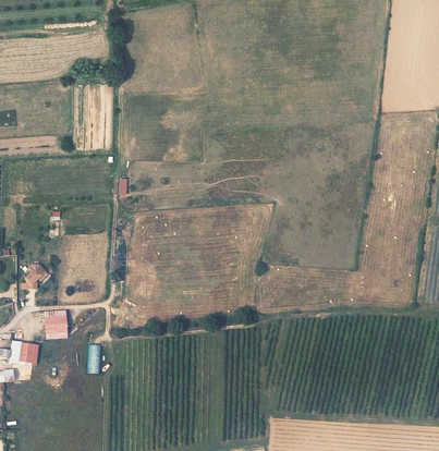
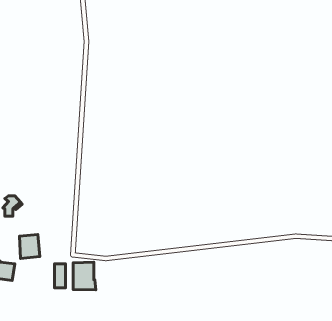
building: none -> [73,262,96,290]

